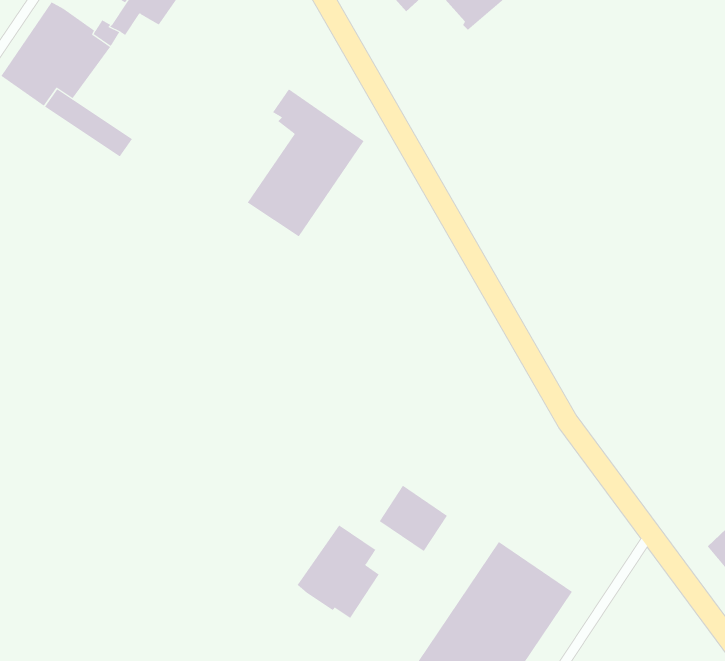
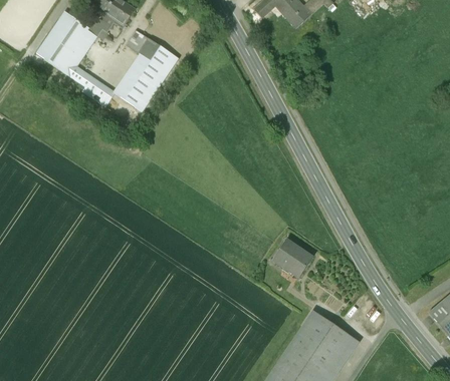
building: [247,89,364,237] -> [114,29,179,111]
building: [379,485,448,552] -> [274,240,312,277]
building: [297,525,379,619] -> none

